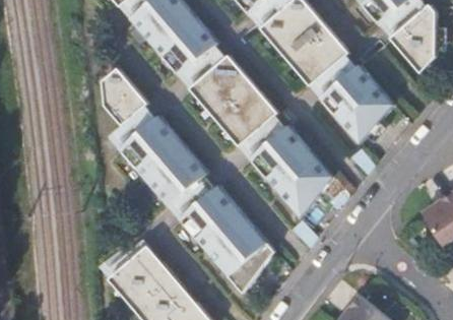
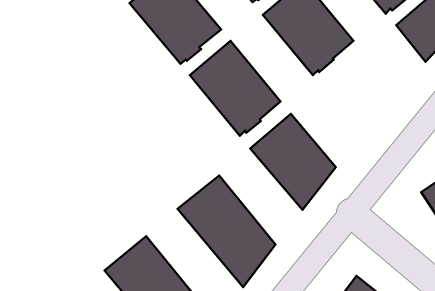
building: [321,68,395,147] -> none
building: [106,70,150,127] -> none
building: [121,118,210,209] -> none

